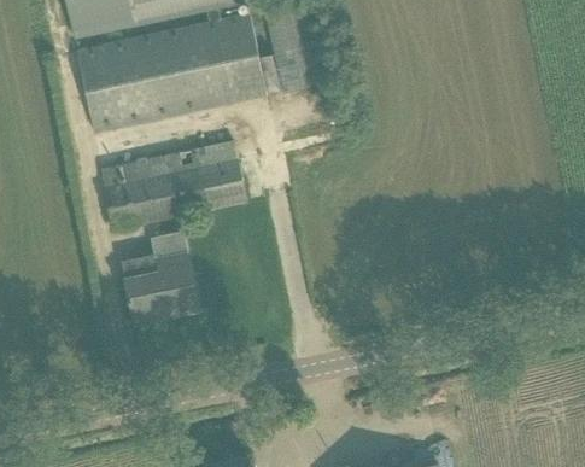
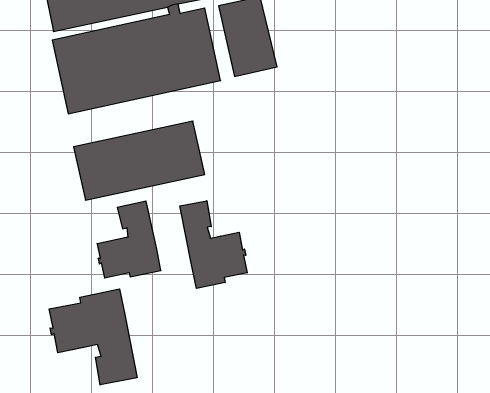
building: none -> [180,201,247,288]
building: none -> [49,289,137,385]

